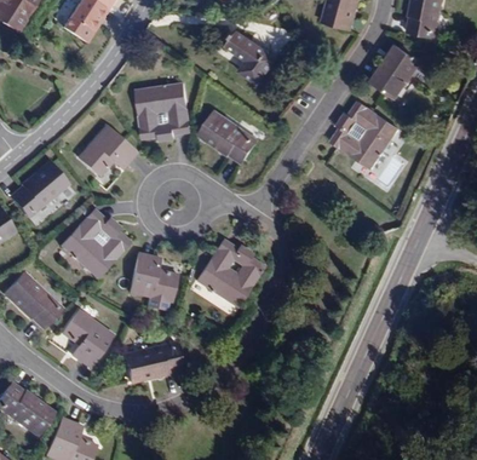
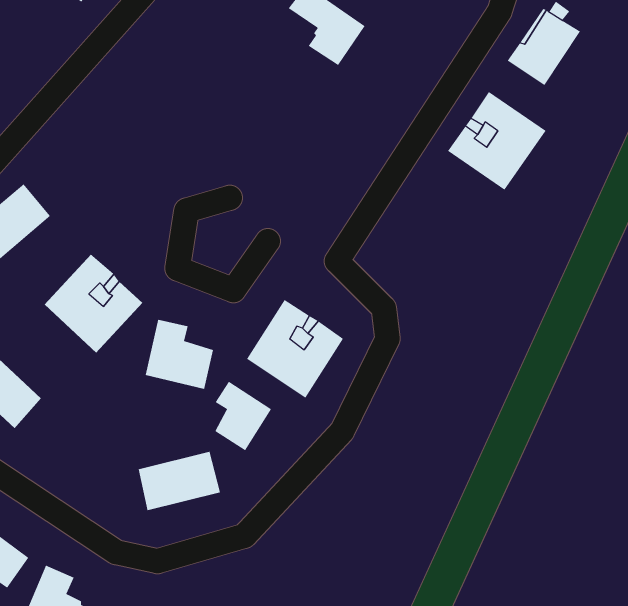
building: [136,84,190,138] -> none
building: [199,110,258,162] -> none
building: [79,125,136,174] -> none
building: none -> [215,381,272,451]
building: [62,310,111,366] -> none

